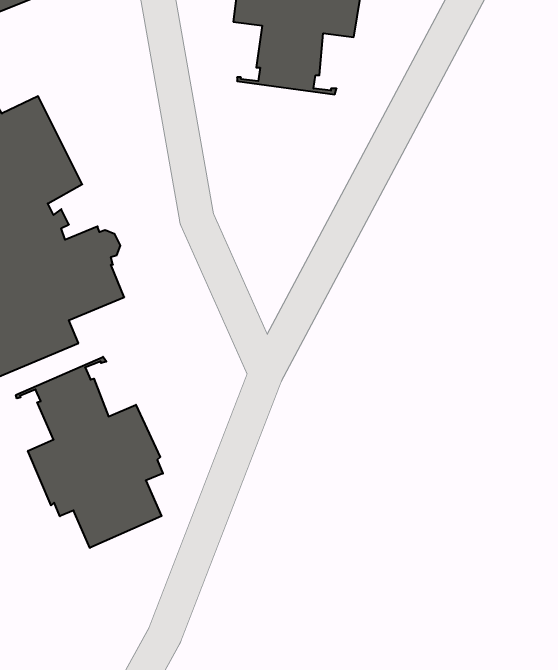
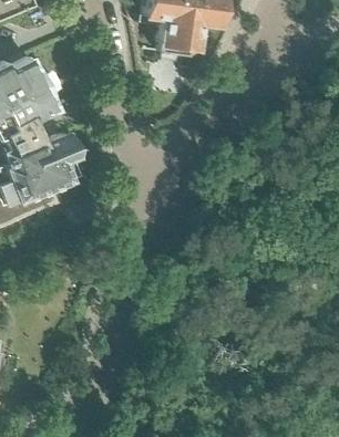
building: [16,357,163,548] -> none

